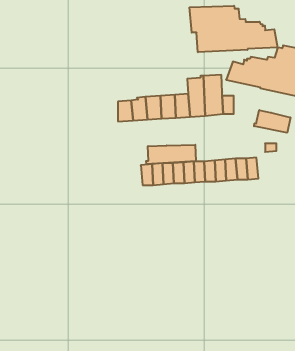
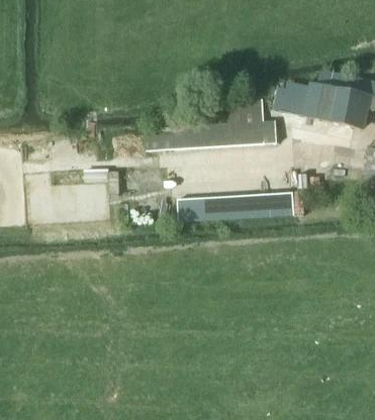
building: [190,6,277,52] -> none
building: [254,110,290,133] -> none
building: [146,145,196,164] -> none

